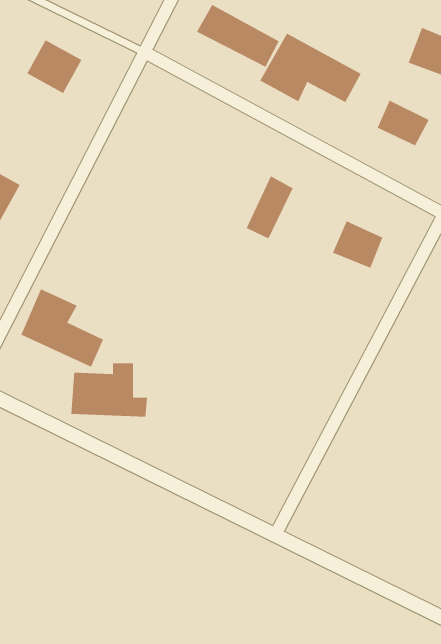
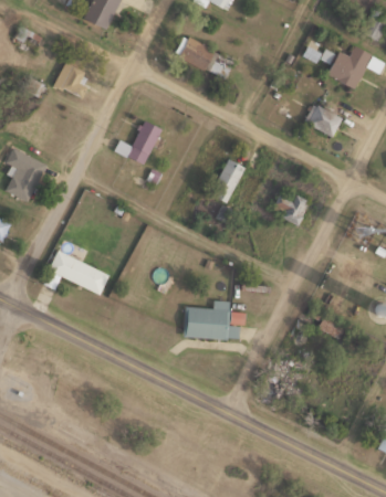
building: [260,33,362,103] -> none
building: none -> [115,121,161,165]
building: [71,363,148,417] -> [185,300,240,339]

